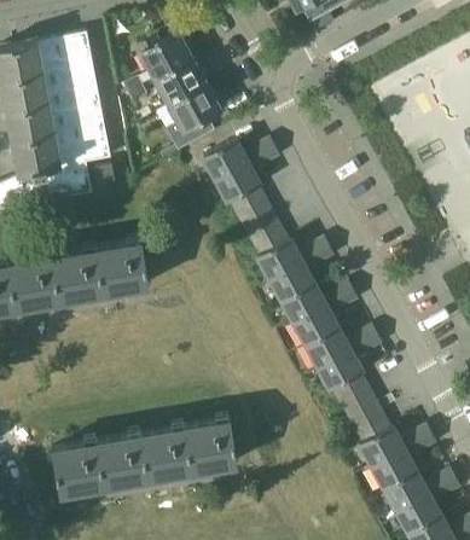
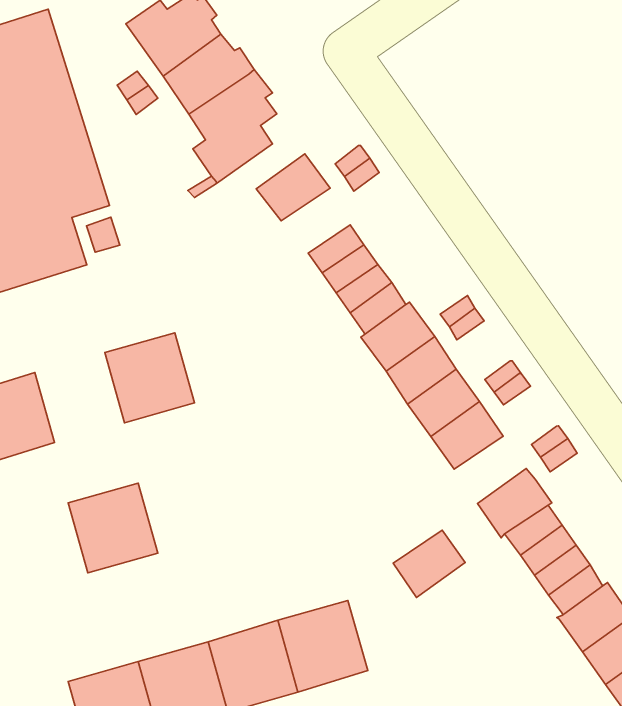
building: [216,163,261,203] -> none
building: [53,249,105,301] -> [68,483,158,573]
building: [306,329,350,368] -> [393,530,465,597]

